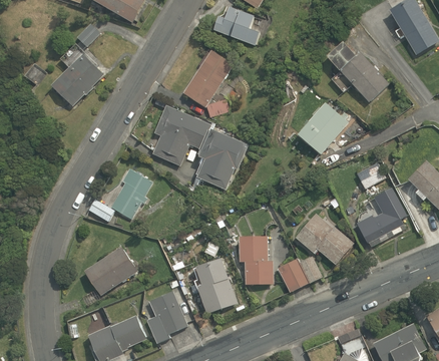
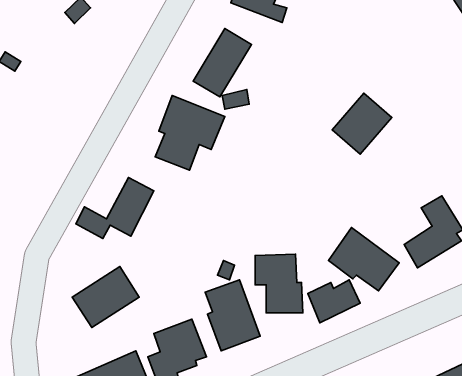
building: [328,45,387,101] -> none
building: [50,47,103,107] -> none
building: [195,130,248,189] -> none
building: [357,161,386,189] -> none

